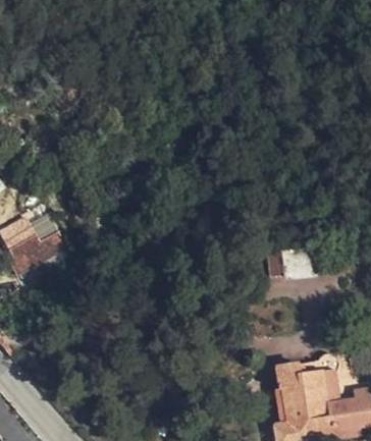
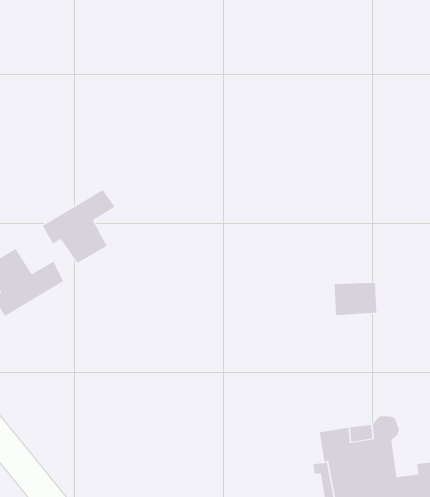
building: none -> [42,189,116,264]

